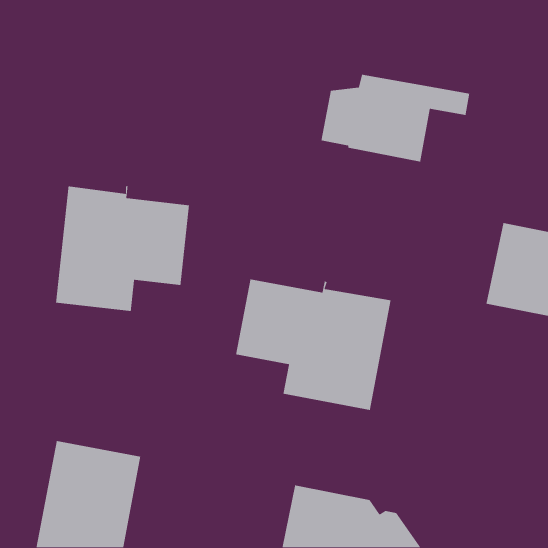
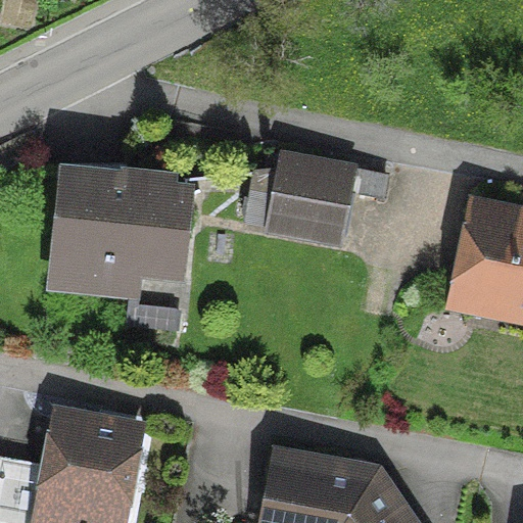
building: [320,74,470,162] -> [243,157,385,241]
building: [235,279,392,411] -> none

